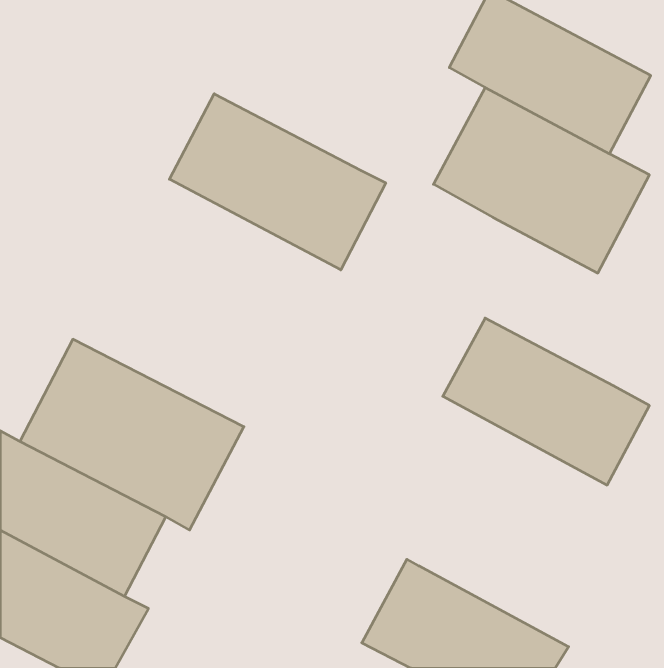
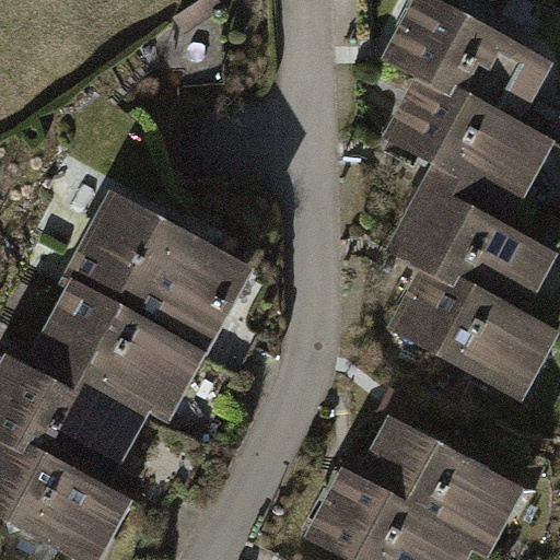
building: [169,94,386,270] -> none
building: none -> [382,179,553,318]
building: none -> [71,194,257,352]
building: none -> [357,412,521,539]

